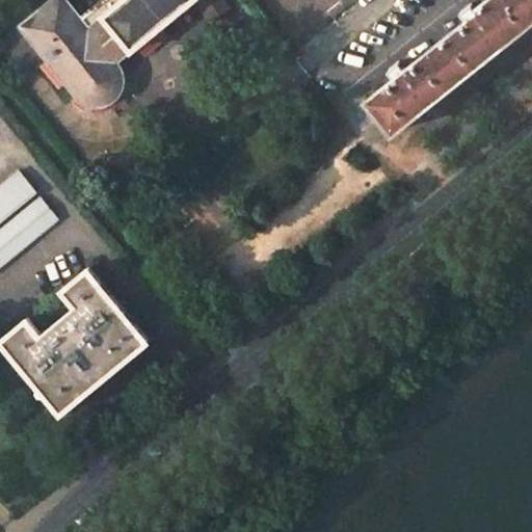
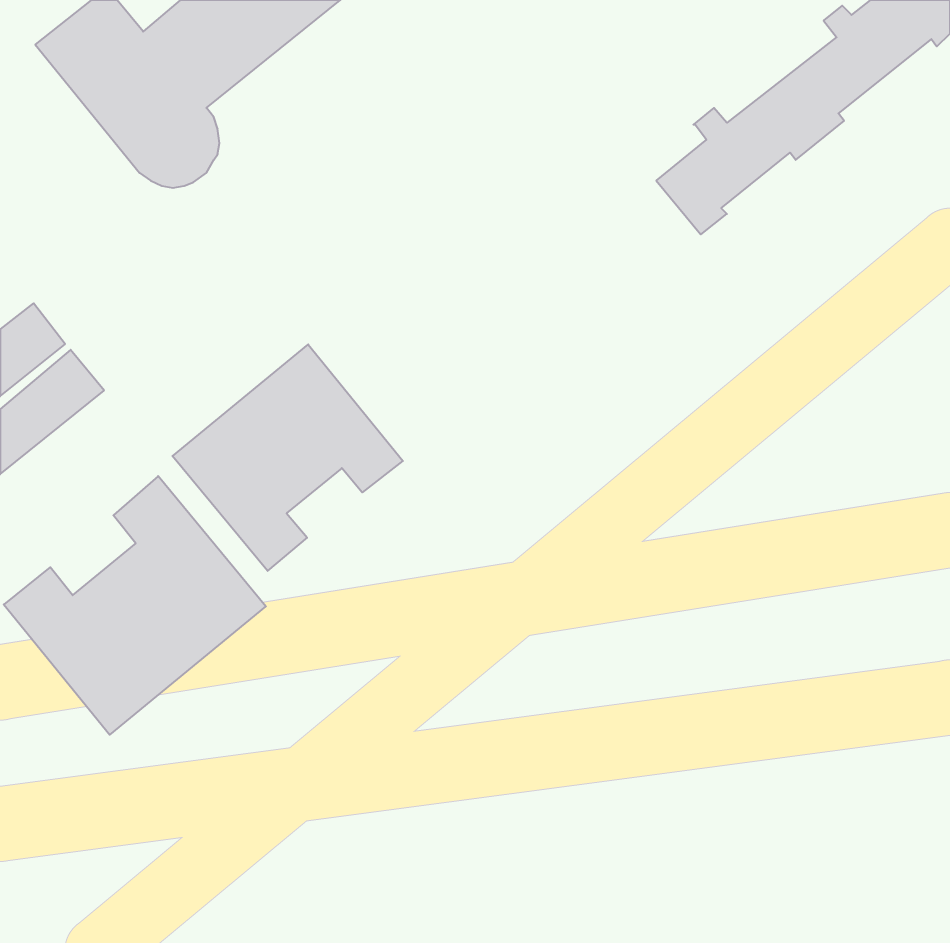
building: none -> [172,344,403,571]

